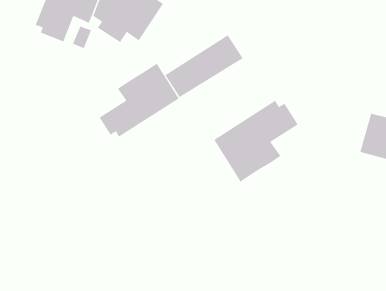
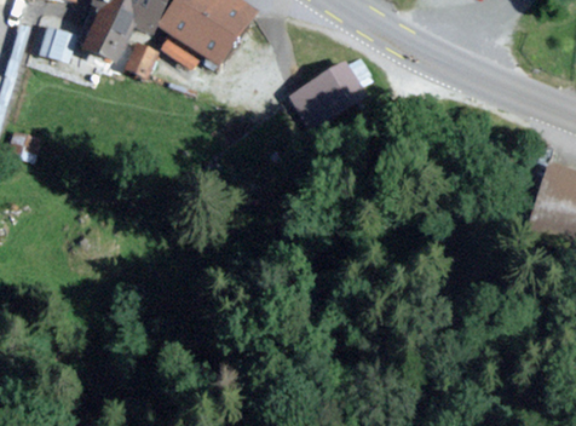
building: [99,63,179,138] -> none
building: [214,100,298,182] -> none

